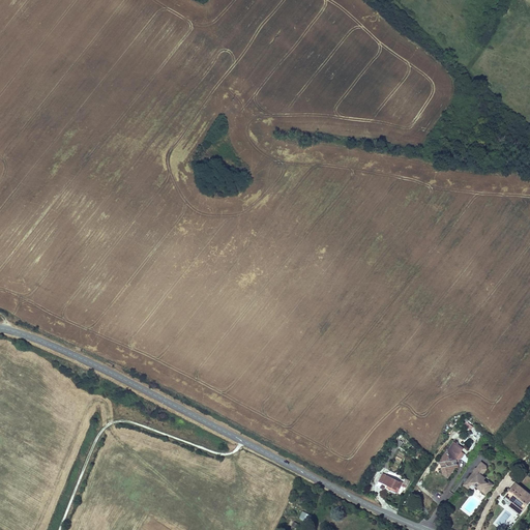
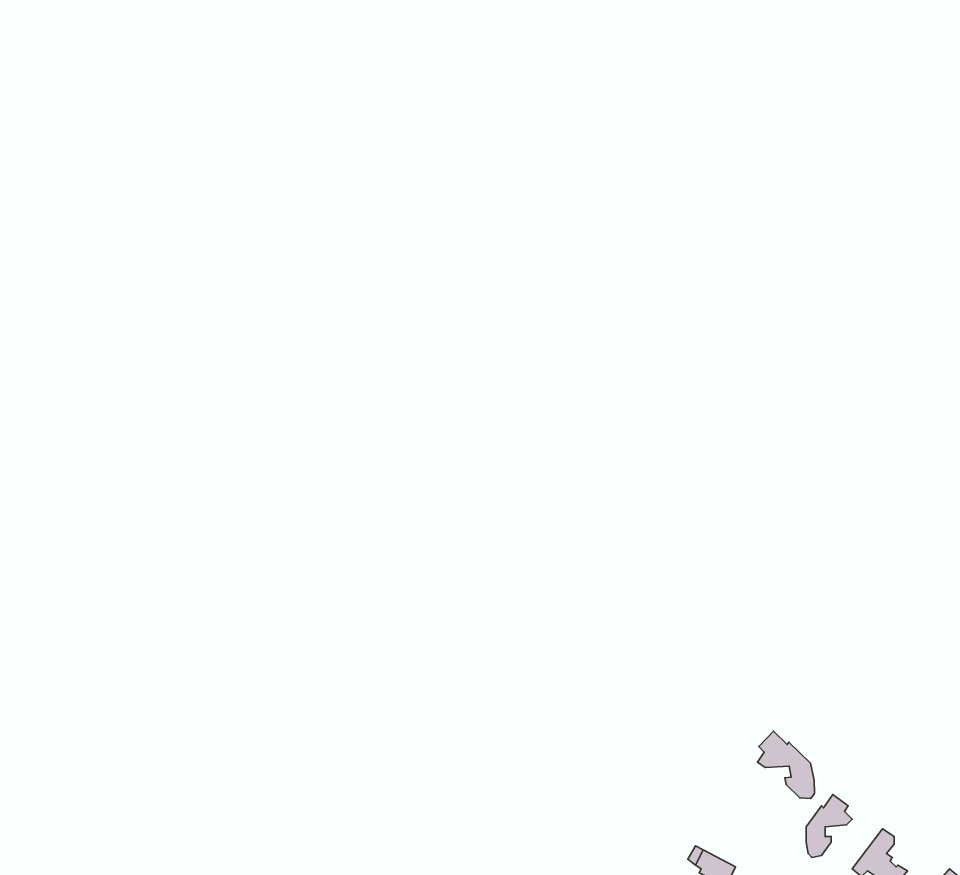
building: none -> [757,731,814,798]

